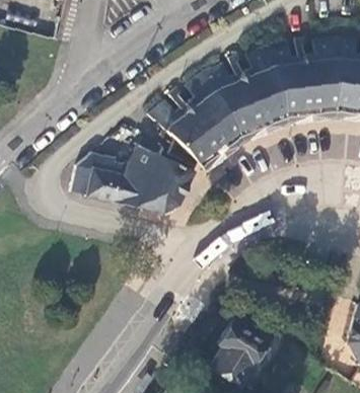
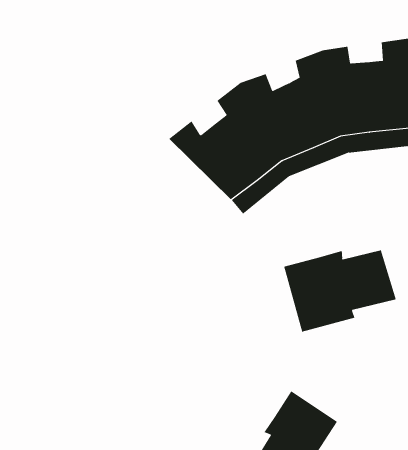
building: [67,145,191,213] -> none
building: none -> [283,249,396,332]

